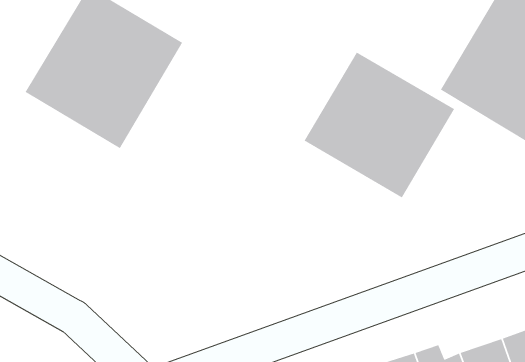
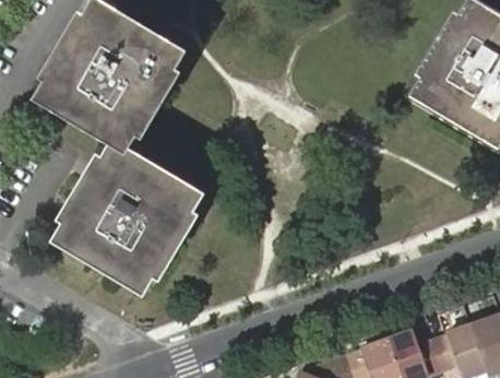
building: [303,51,455,198] -> none
building: none -> [59,147,202,295]

